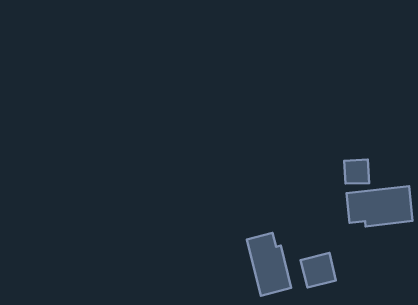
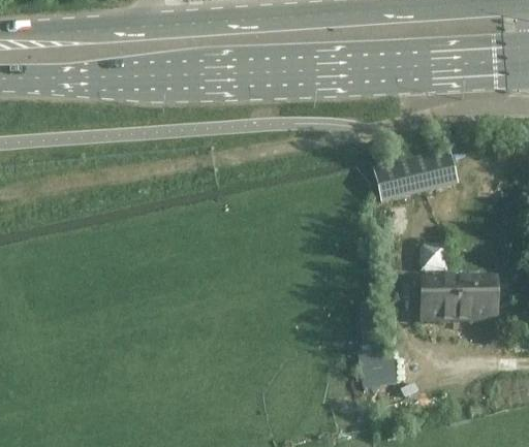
building: none -> [373,147,457,197]
building: [247,233,291,296] -> none

